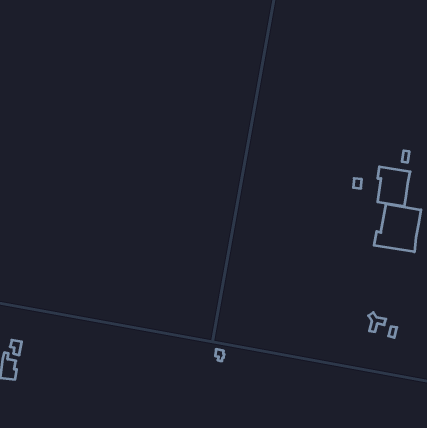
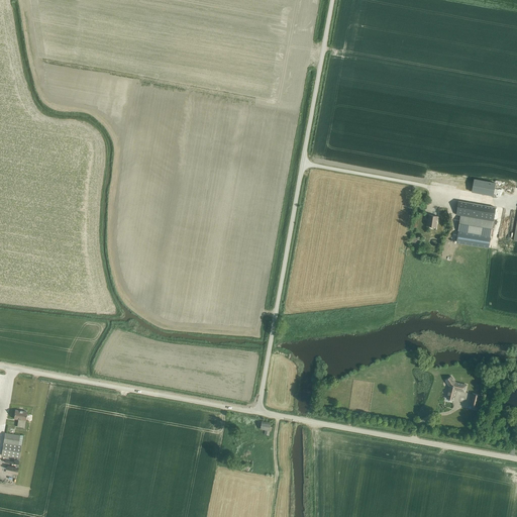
building: [374,204,421,252] -> none

